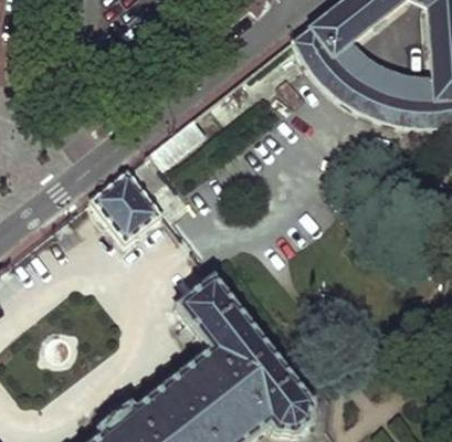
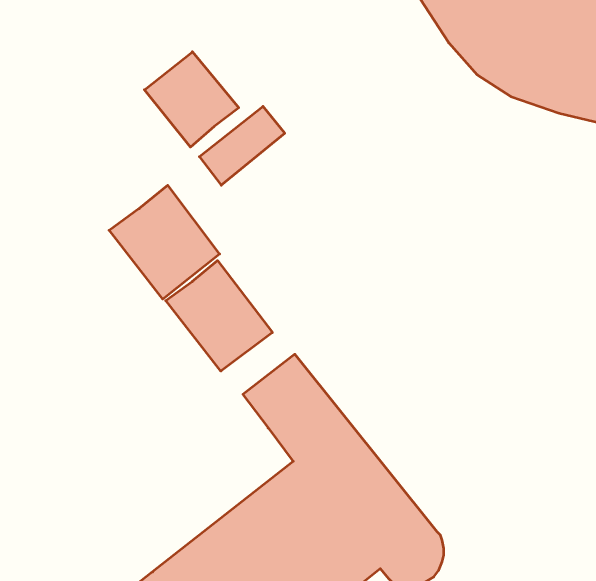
building: none -> [144,52,239,147]
building: none -> [166,261,272,371]

